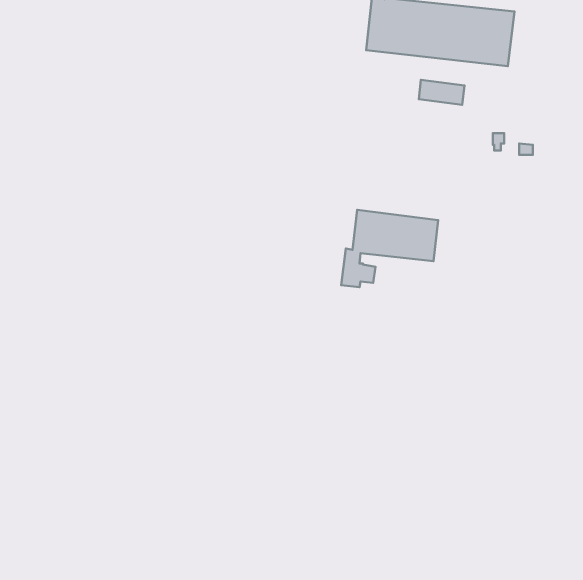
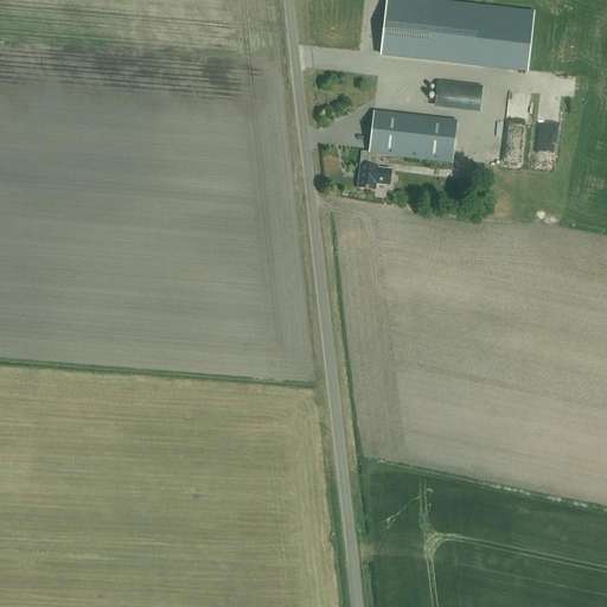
building: [341,210,438,287] -> [357,109,458,190]

